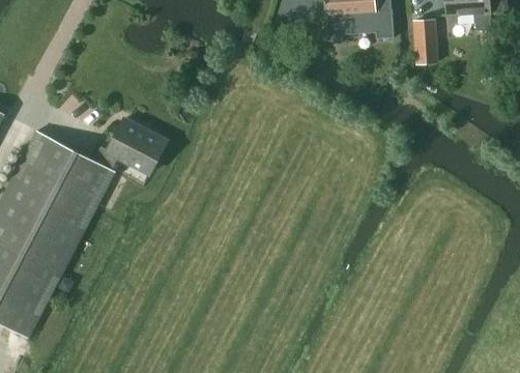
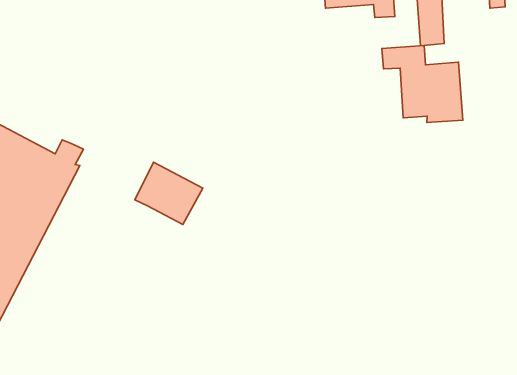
building: none -> [382,46,463,122]
building: [107,117,167,172] -> [135,162,203,225]

